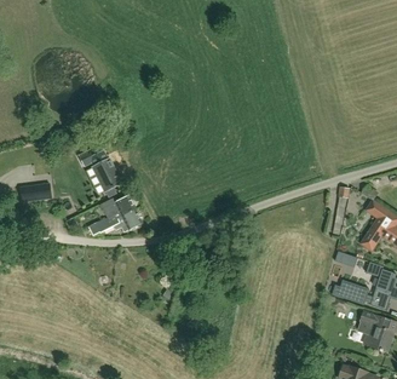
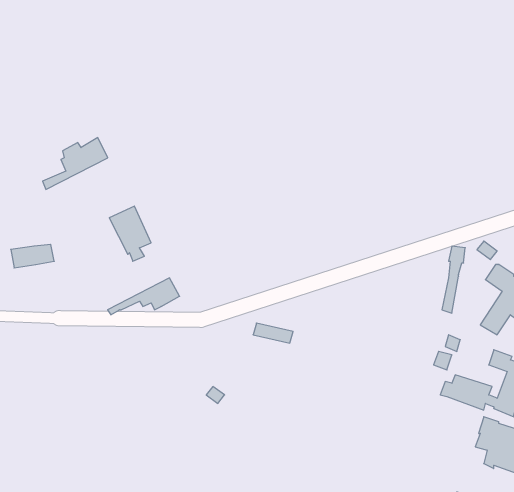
building: [88,194,136,231] -> [43,138,108,189]

